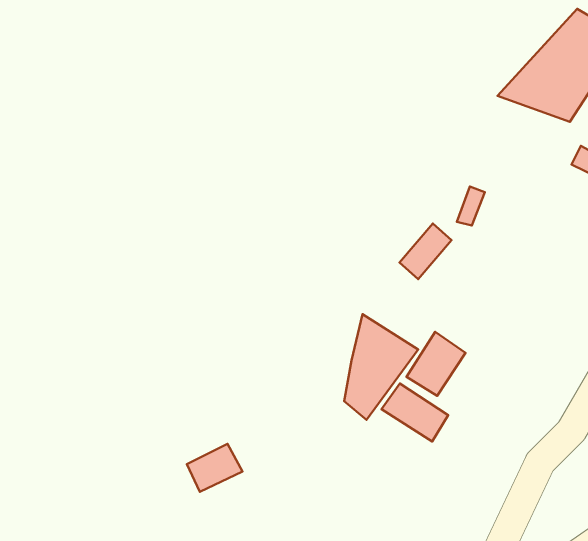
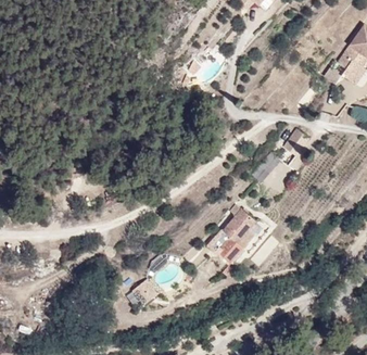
building: [407,332,466,396] -> none
building: [381,384,448,441] -> none

